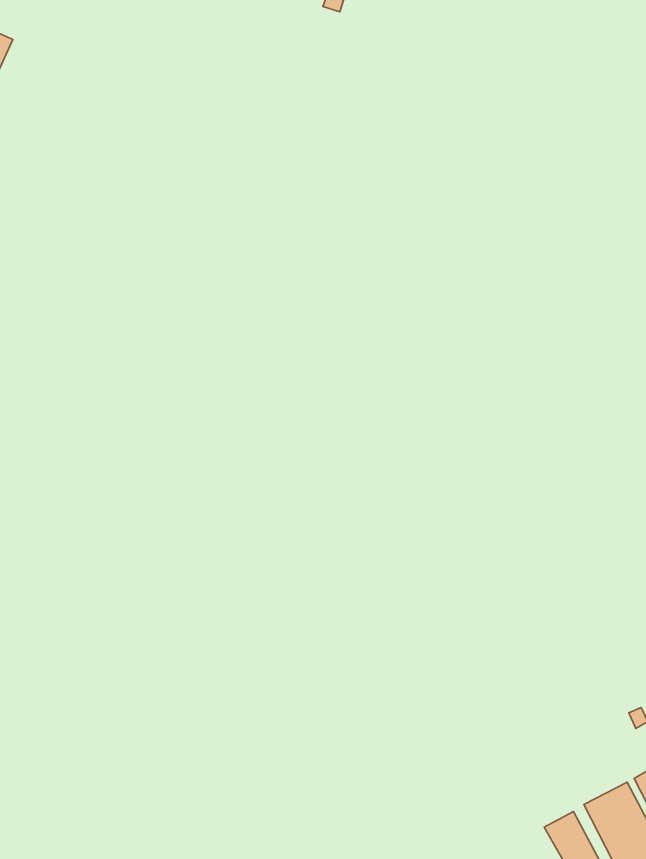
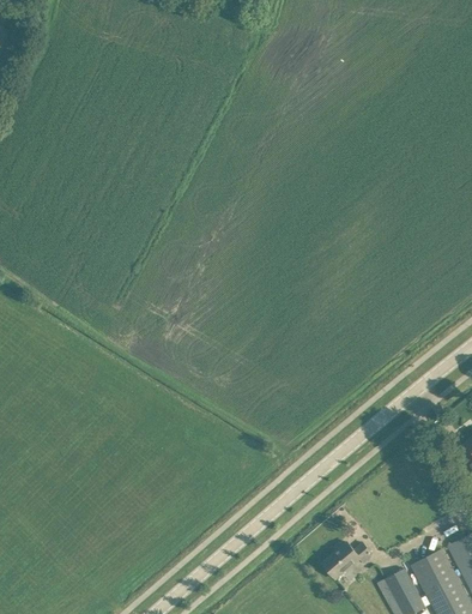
building: none -> [322,543,373,579]

